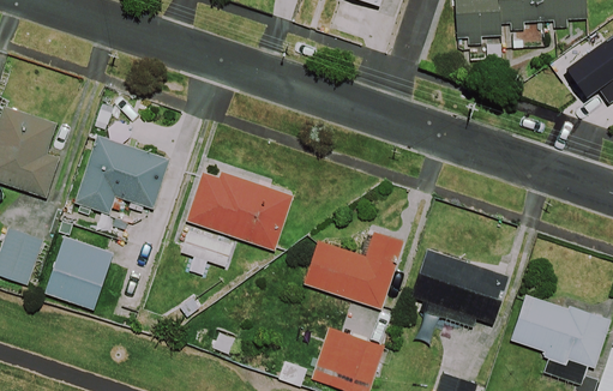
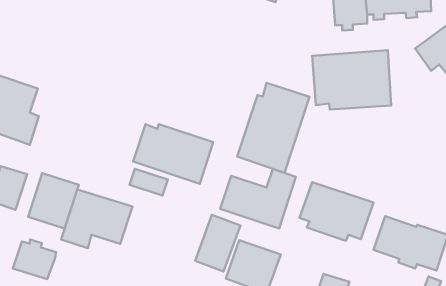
building: none -> [312,50,391,109]
building: none -> [237,83,309,173]
building: [74,136,170,215] -> [61,189,132,248]
building: none -> [195,215,240,272]
building: none -> [13,239,56,279]

